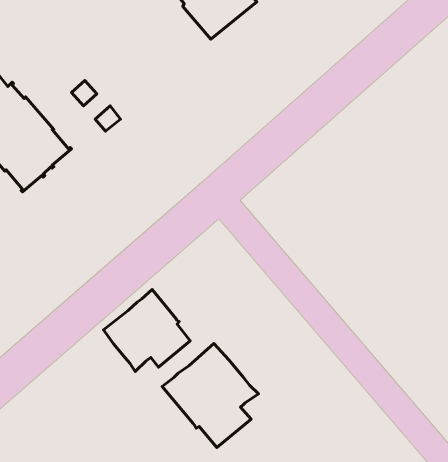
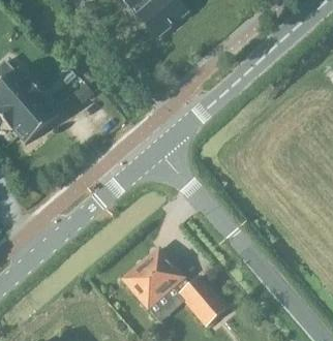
building: [103,290,190,372] -> none
building: none -> [177,276,226,327]

